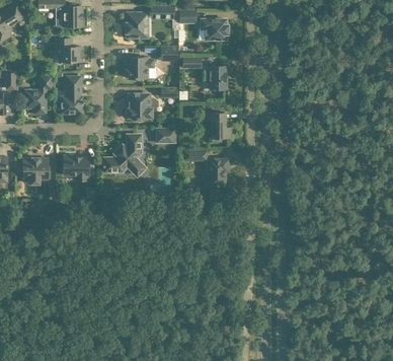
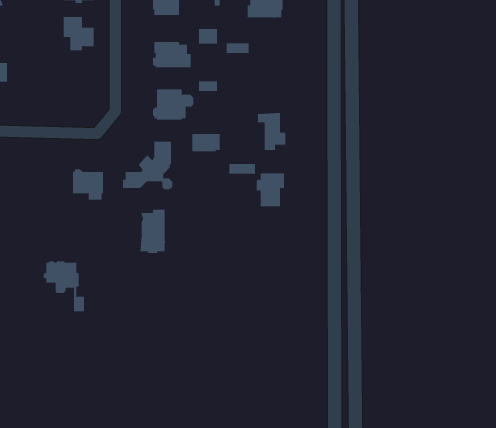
building: [209,65,227,89] -> none
building: [24,76,51,113] -> none
building: [61,76,83,114] -> none
building: [21,157,54,197] -> [43,261,85,312]
building: none -> [140,209,166,254]

